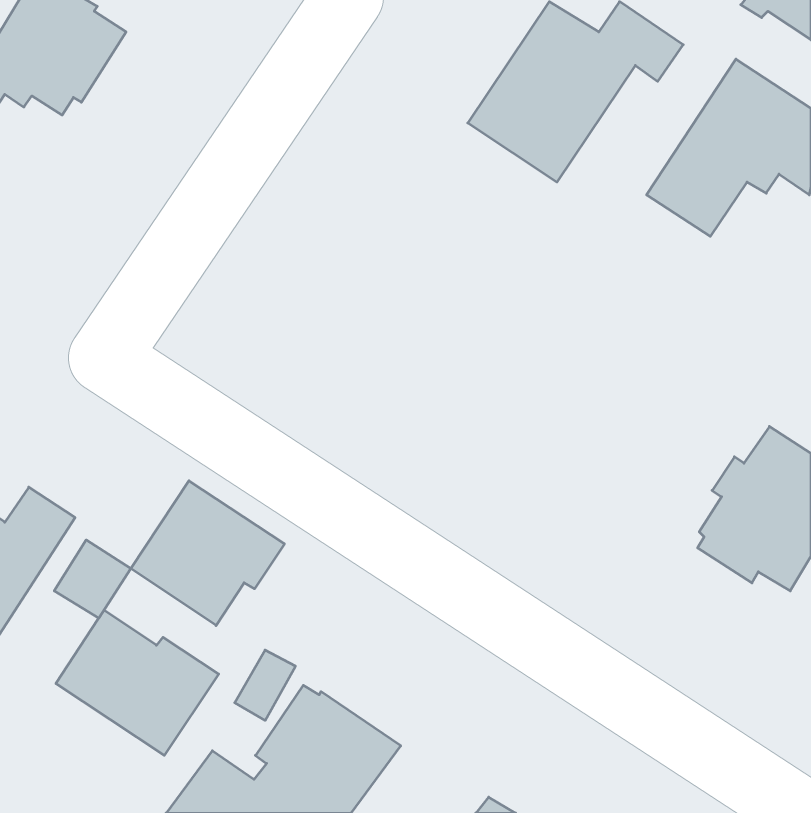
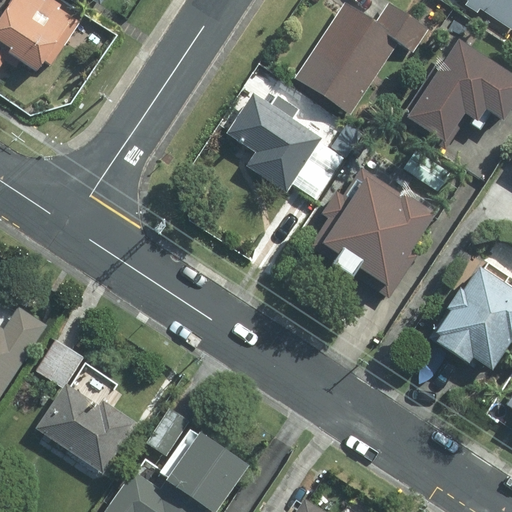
building: none -> [225,92,322,192]
building: none -> [309,167,437,298]
building: [131,481,284,626] -> none

